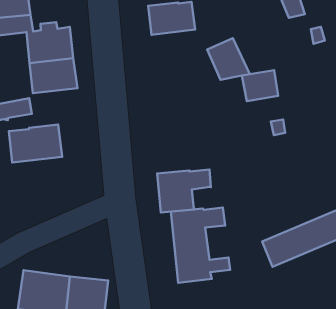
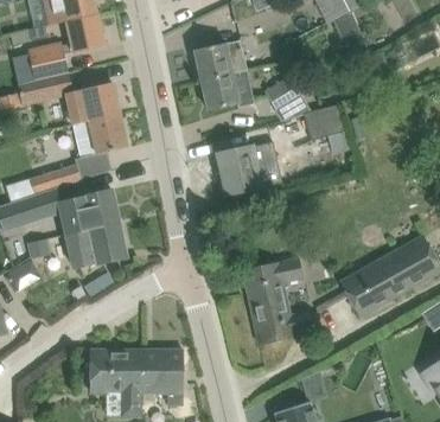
building: none -> [200,70,253,110]
building: none -> [65,223,126,268]
building: [157,169,211,212] -> [217,142,276,194]

